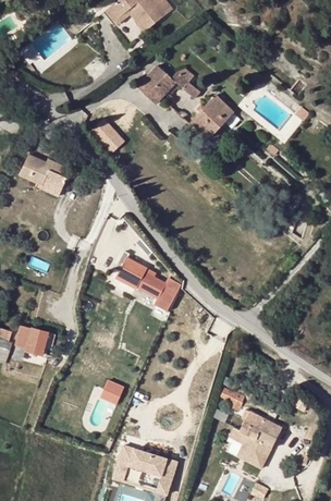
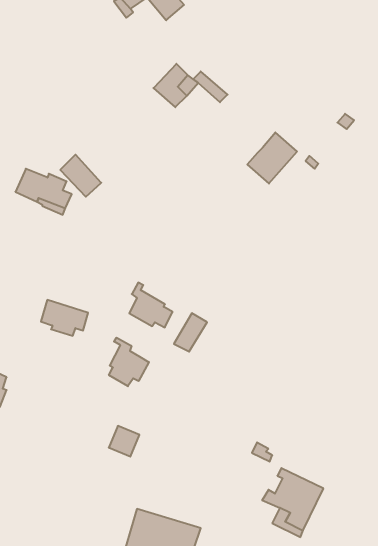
building: [191,95,233,138] -> [247,132,297,184]
building: [93,115,127,151] -> [60,155,101,197]
building: none -> [109,338,149,386]
building: [15,325,56,355] -> [41,300,88,336]

